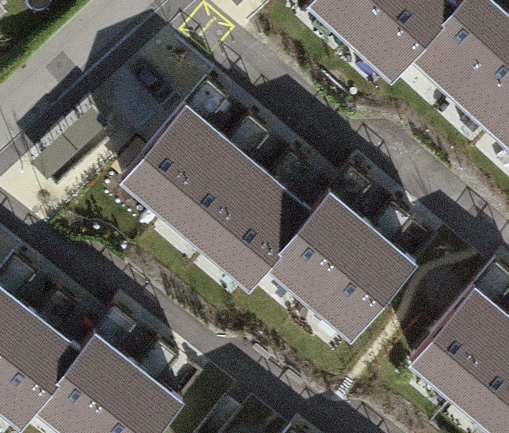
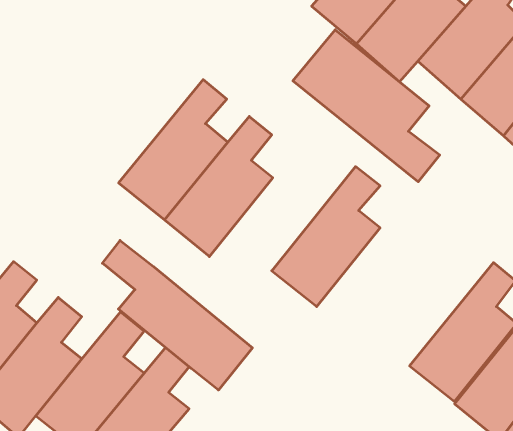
building: none -> [293,30,440,182]
building: [209,154,315,291] -> none
building: [314,203,420,340] -> none
building: none -> [102,240,252,390]

